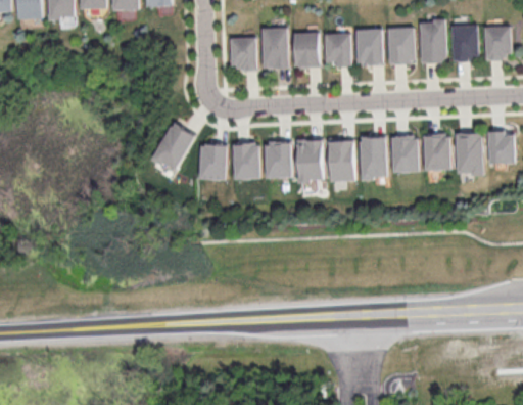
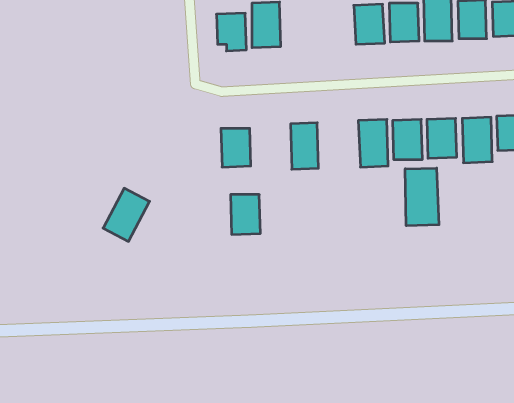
building: [293,32,320,68] -> none
building: [324,33,351,65] -> none
building: [152,122,195,171] -> [103,188,150,241]
building: [328,138,355,181] -> none
building: [265,141,292,178] -> [231,195,260,234]
building: [199,143,227,179] -> none
building: none -> [405,168,439,226]

